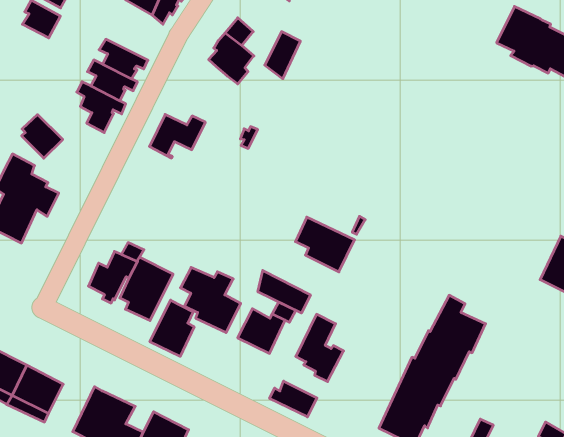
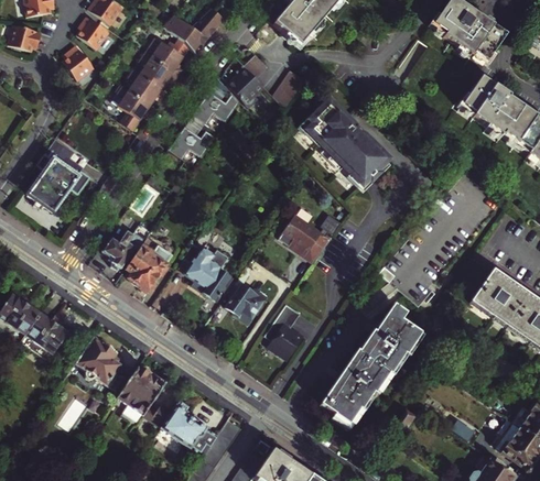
building: none -> [147,41,186,76]
building: none -> [302,100,386,186]
building: none -> [194,87,241,122]
building: [22,115,63,158] -> [65,42,98,78]
building: [258,270,310,313] -> none
building: [150,300,194,356] -> none
building: [270,381,317,417] -> none

